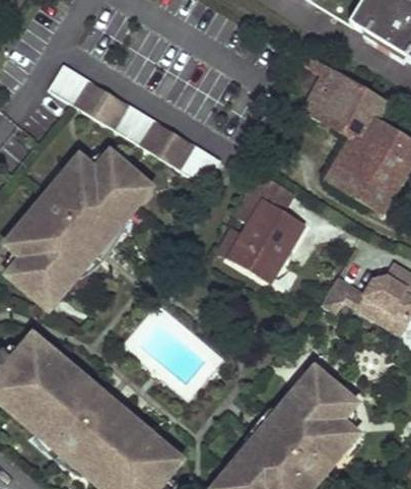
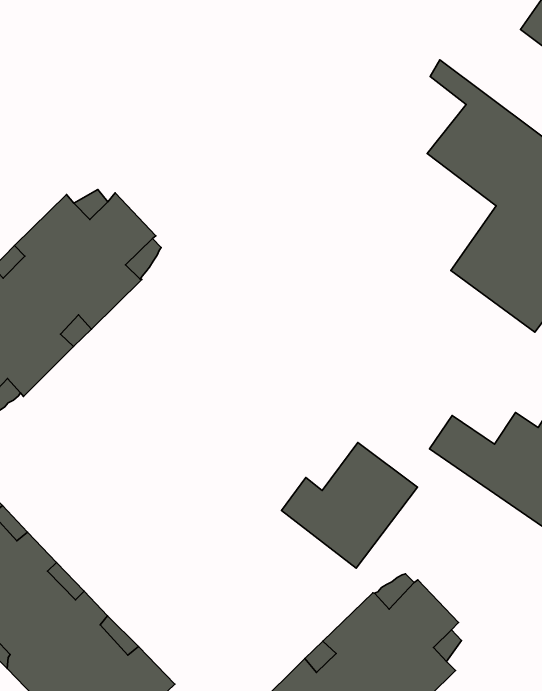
building: [47,63,219,185] -> none
building: [218,201,302,281] -> [281,443,418,568]

